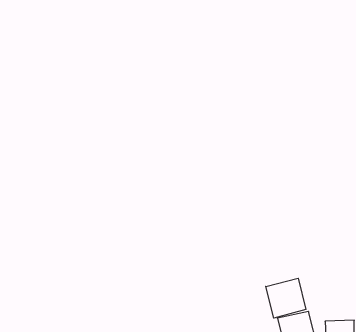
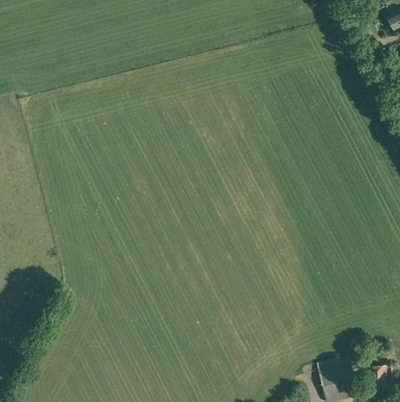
building: [266,278,306,318] -> none

